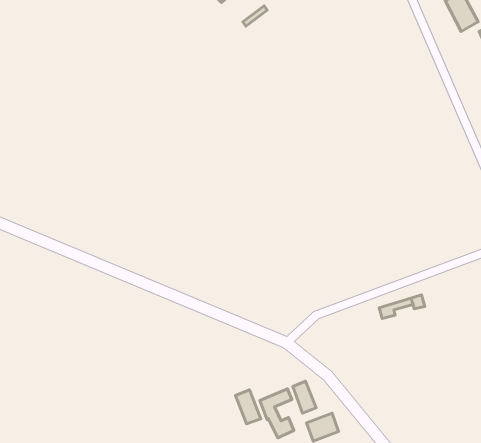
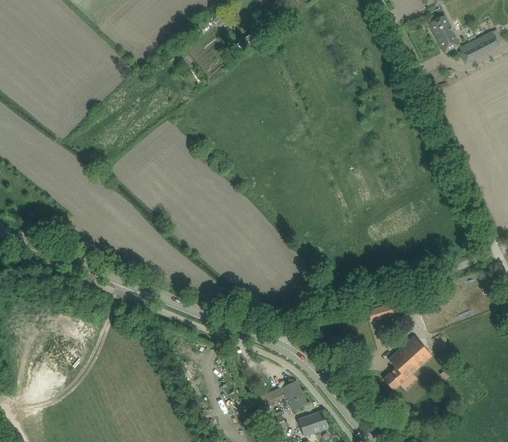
building: none -> [383,336,431,389]
building: [236,390,261,424] -> none

